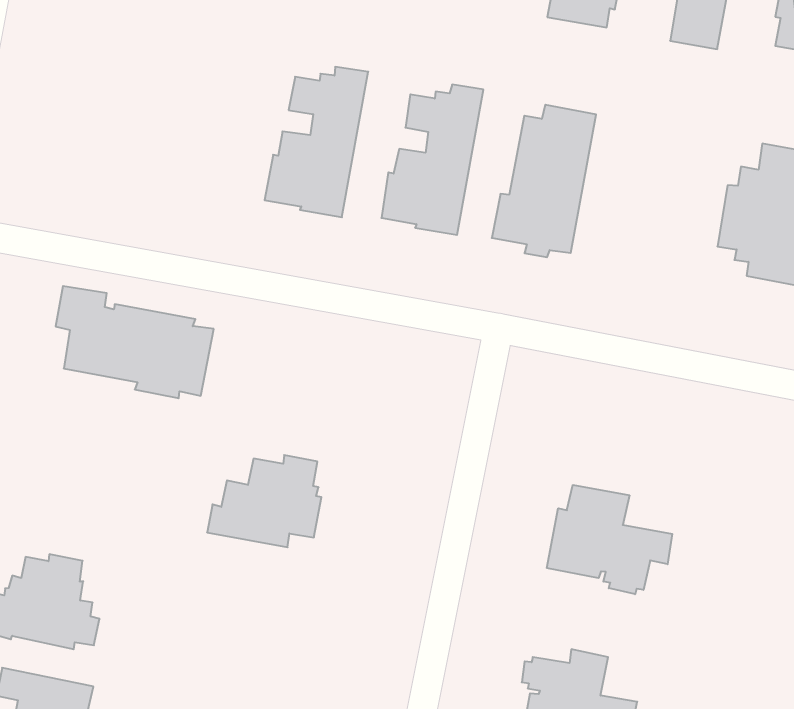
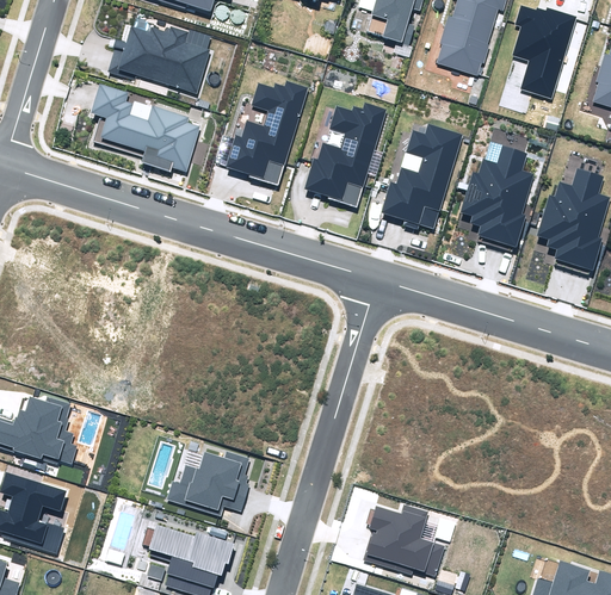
building: none -> [106,25,209,92]
building: none -> [458,145,531,247]
building: [56,286,214,398] -> [90,83,199,171]
building: [207,455,321,547] -> [166,451,248,515]
building: [547,485,672,594] -> none

